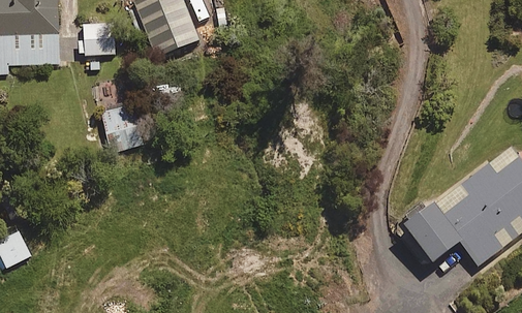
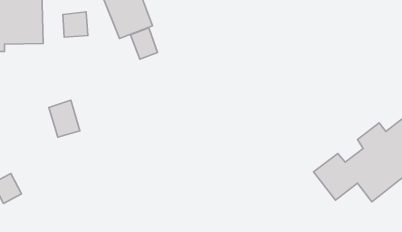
building: none -> [131,28,158,59]
building: [101,103,141,151] -> [49,100,80,137]

